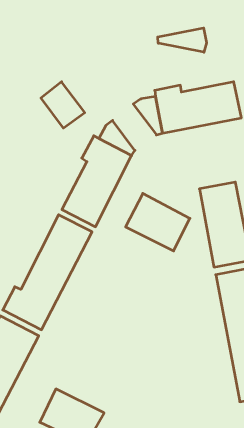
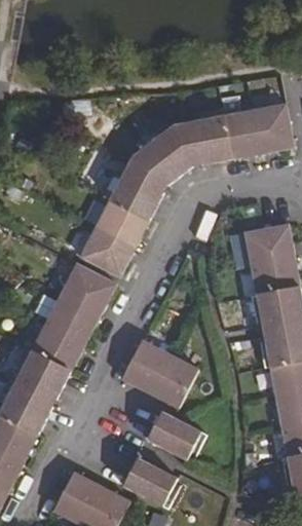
building: [158,28,207,52] -> none
building: [41,82,85,128] -> [141,130,193,186]
building: [126,193,190,251] -> [121,339,198,408]
building: none -> [147,410,202,460]
building: none -> [123,457,178,506]

